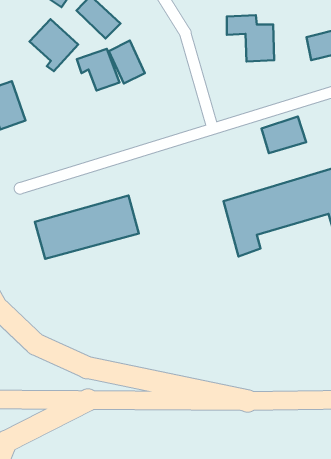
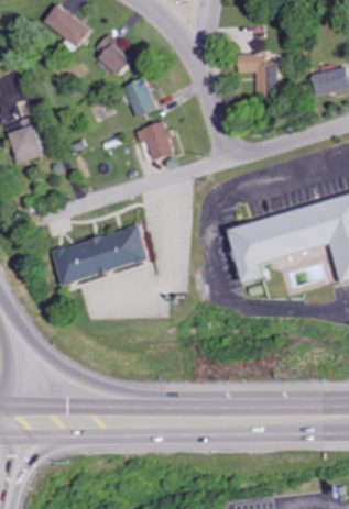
building: [30,19,78,71] -> none
building: [77,49,120,90] -> [134,121,175,161]
building: [261,117,306,153] -> none

